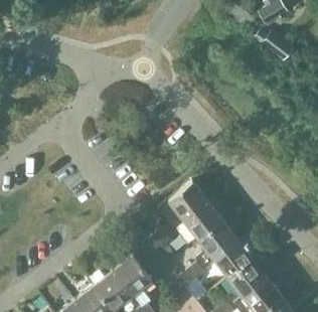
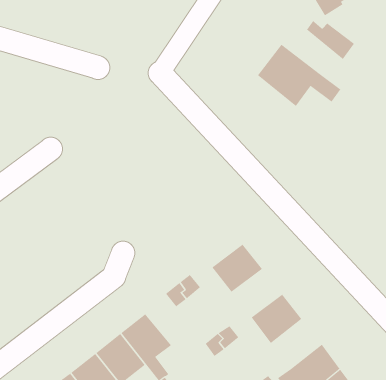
building: none -> [257,44,341,107]
building: [158,182,206,227] -> none
building: [195,221,236,267] -> none
building: [227,258,267,298] -> none

